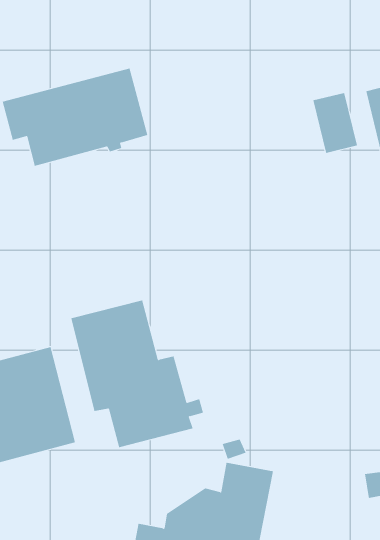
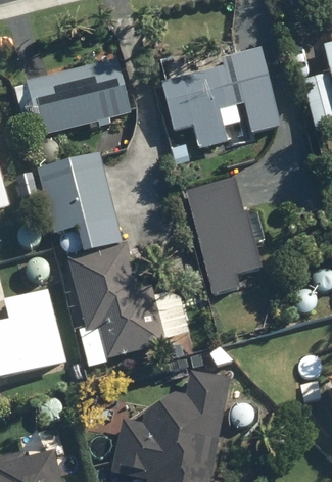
building: none -> [160,67,241,151]
building: none -> [38,155,114,236]
building: none -> [185,171,257,288]

